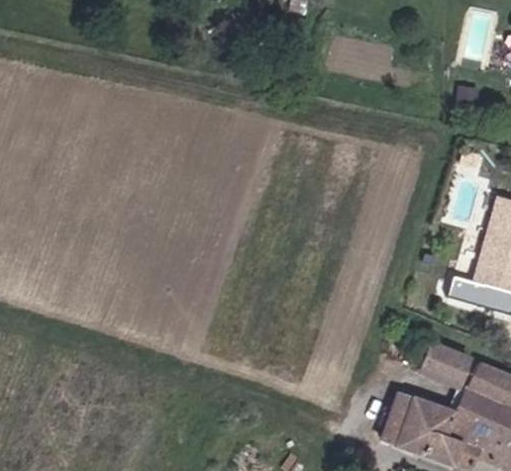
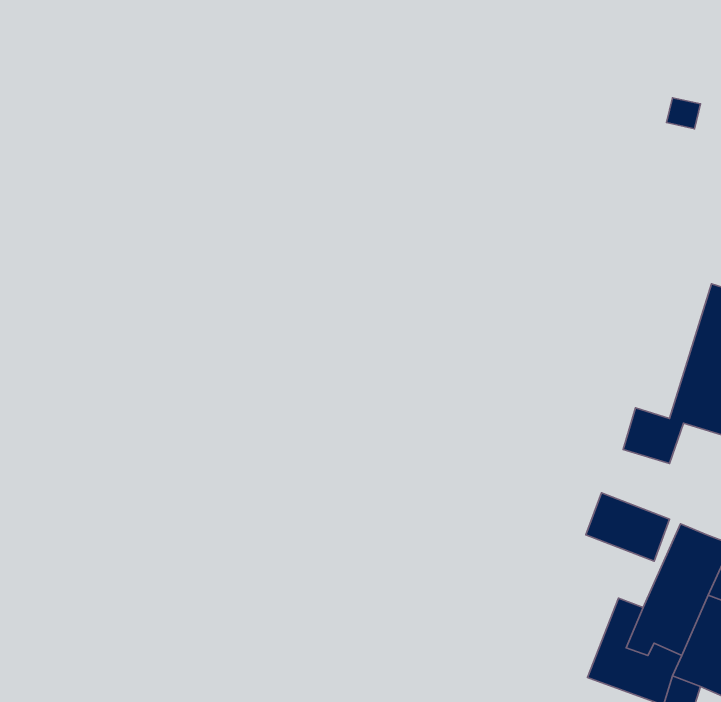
building: [379,387,438,454] -> none

